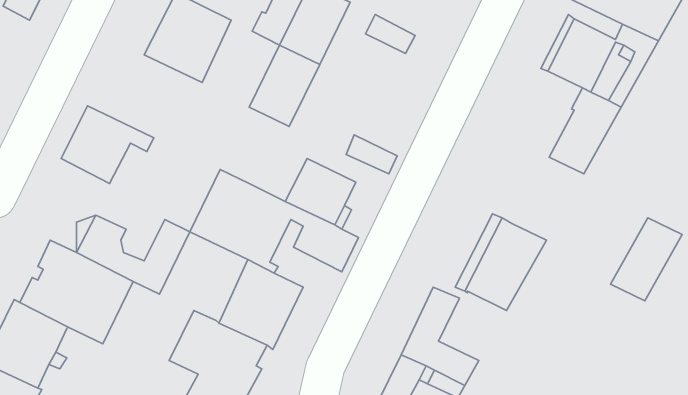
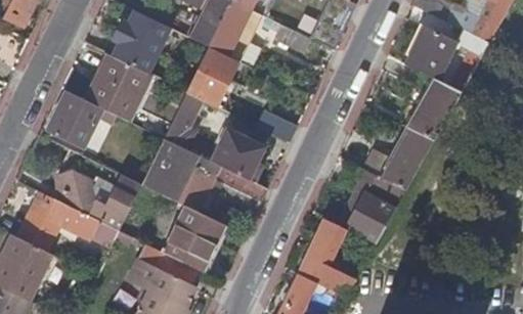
building: none -> [86,52,151,120]
building: none -> [165,91,204,147]
building: [610,218,682,301] -> [381,128,434,189]

